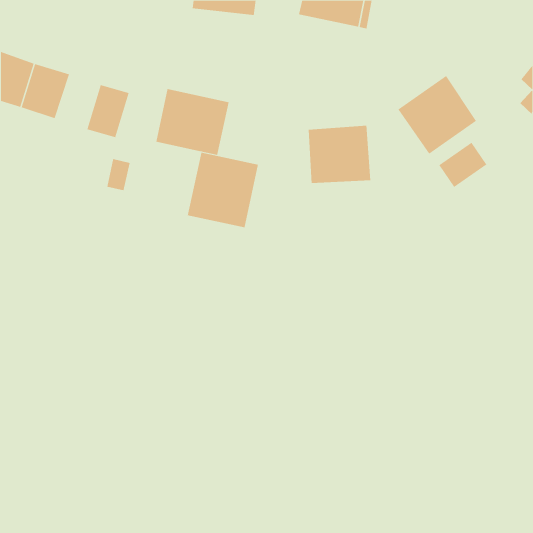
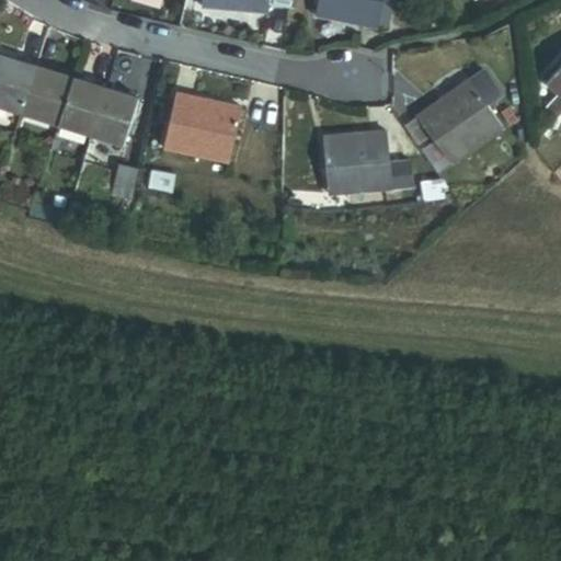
building: none -> [58,78,105,136]
building: [439,142,487,188] -> none
building: [187,152,259,228] -> none

